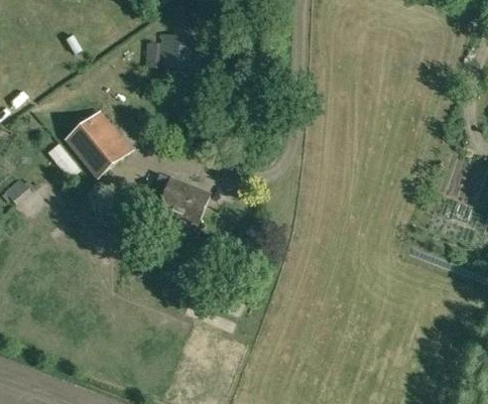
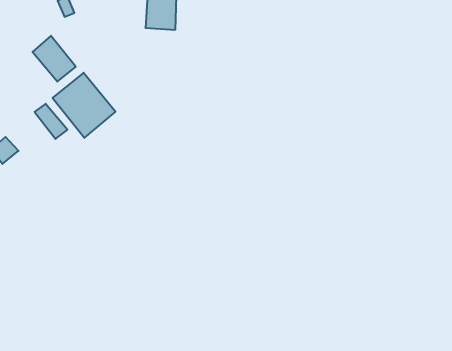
building: none -> [33,36,76,82]
building: [153,171,210,223] -> none

